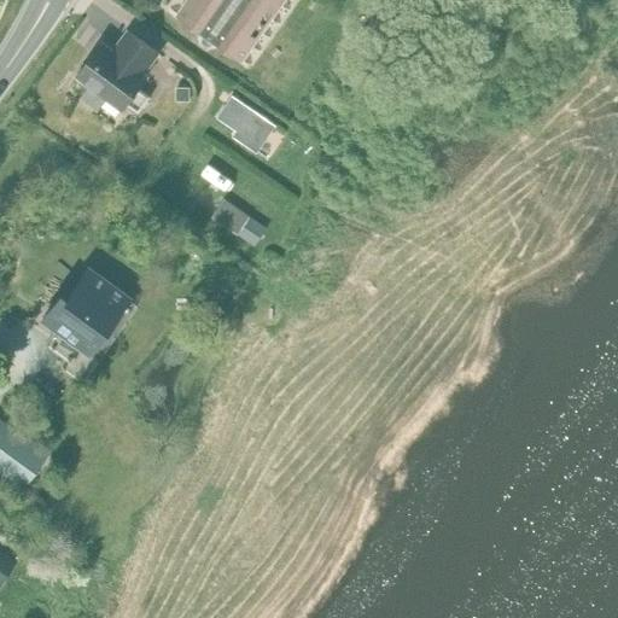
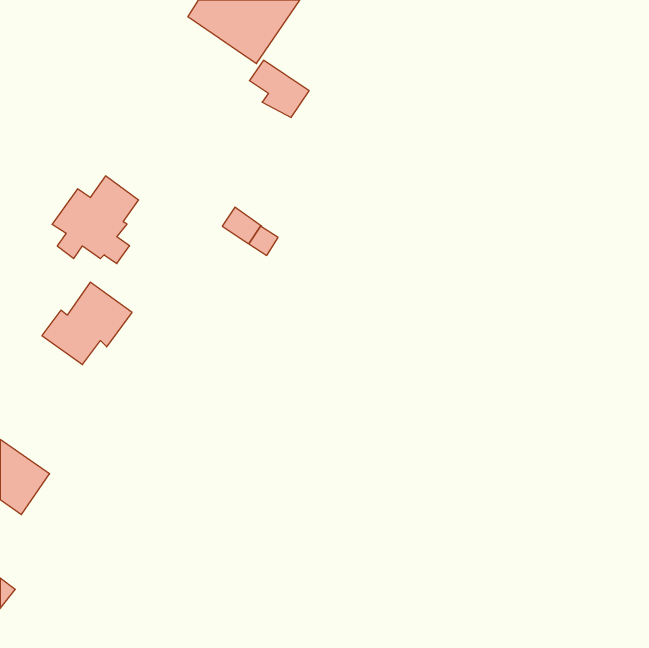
building: [75,31,157,115] -> [52,176,139,264]
building: [217,97,274,151] -> [249,60,309,117]

